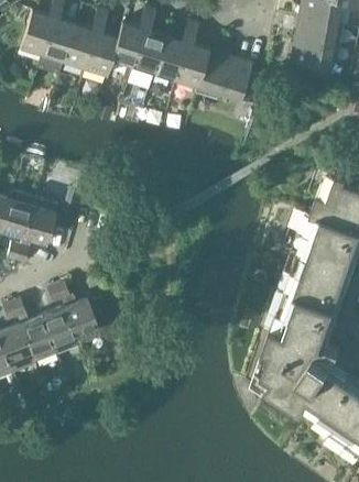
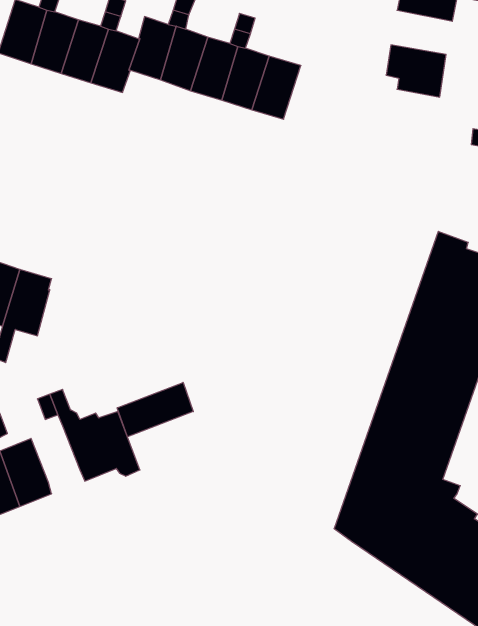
building: [292,18,335,48] -> none
building: [217,56,255,103] -> none
building: none -> [117,382,193,437]
building: [41,307,75,347] -> none

